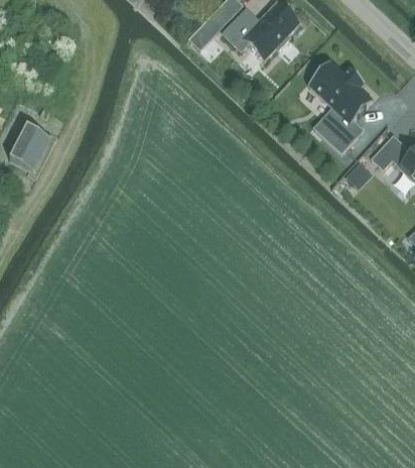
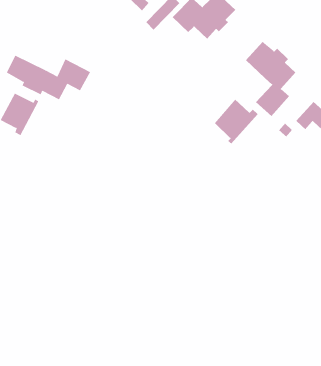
building: none -> [6,55,91,100]
building: none -> [214,99,258,144]

